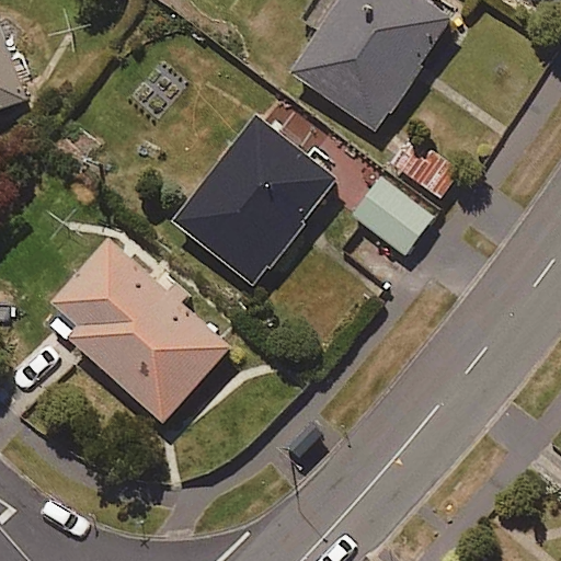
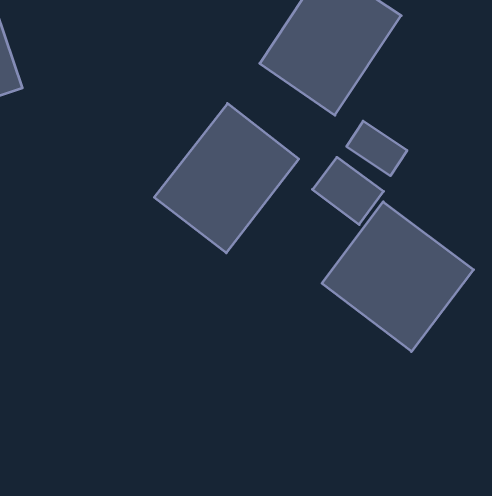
building: none -> [322,202,474,352]
building: [43,240,229,423] -> none

